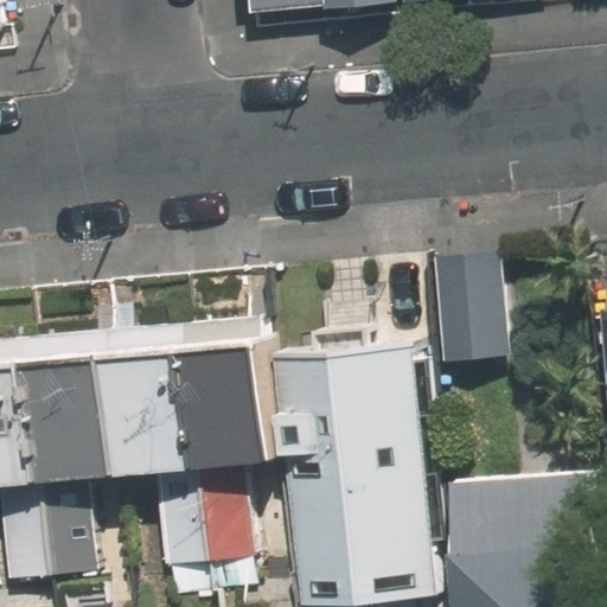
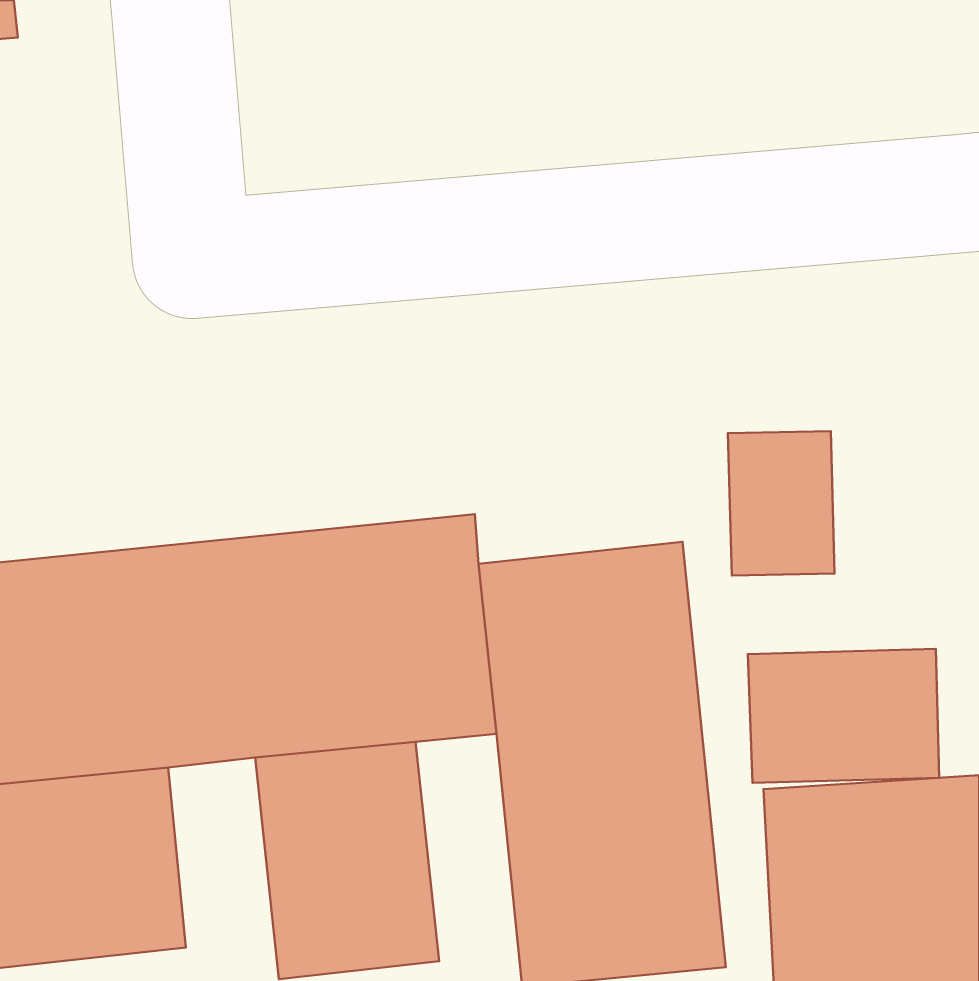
building: none -> [748,649,939,783]

